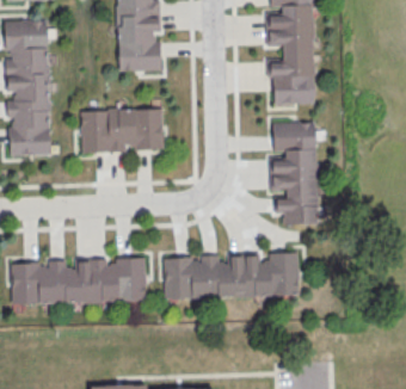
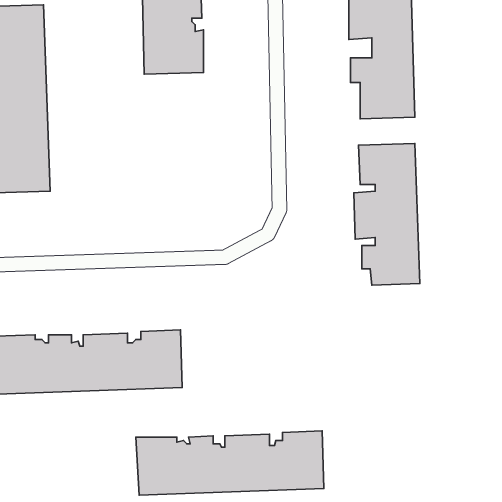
building: [81,107,165,153] -> none
building: [162,252,299,298] -> [136,431,324,495]

